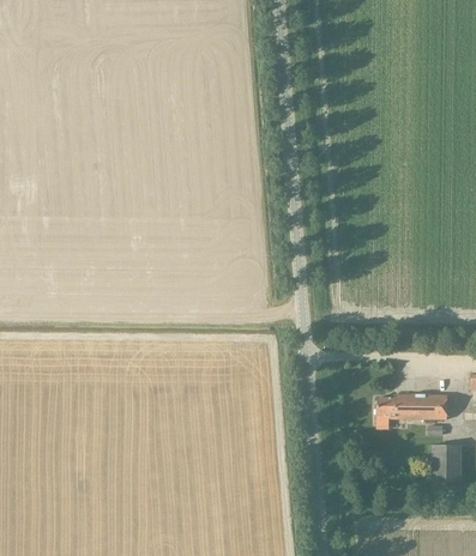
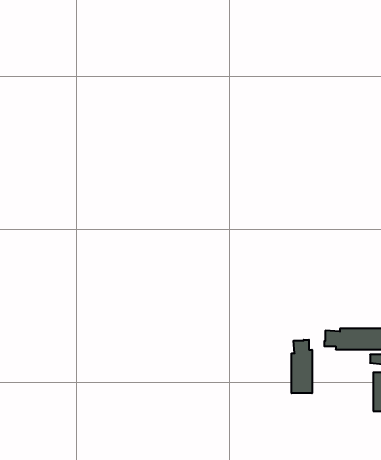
building: none -> [292,340,312,393]

